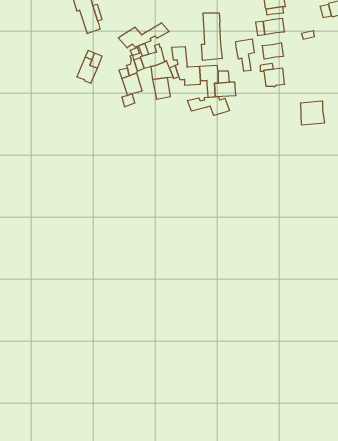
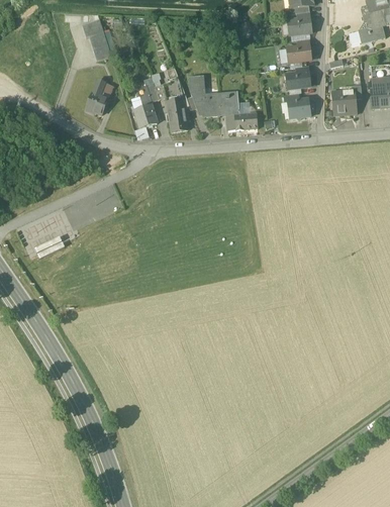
building: [201,13,222,60] -> none
building: [118,23,169,48] -> none
building: [236,39,254,71] -> none
building: [188,97,230,115] -> none
building: [300,101,325,125] -> [331,89,358,114]

